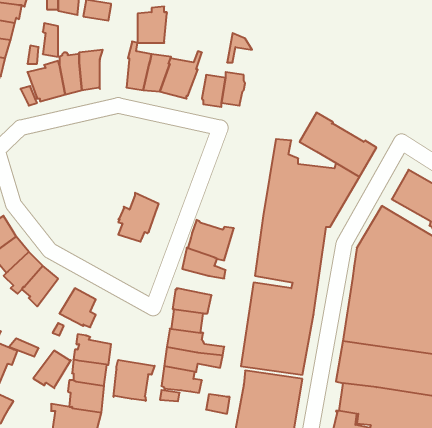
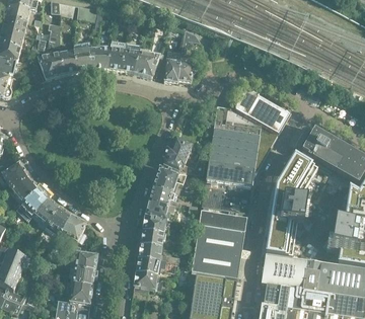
building: [138,7,167,43] -> [89,43,111,69]
building: [118,193,159,242] -> [162,136,192,171]
building: none -> [145,200,179,220]
building: [33,351,71,388] -> [44,207,71,234]
building: [114,360,155,401] -> none

